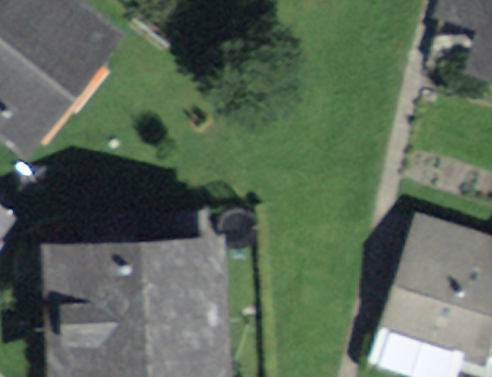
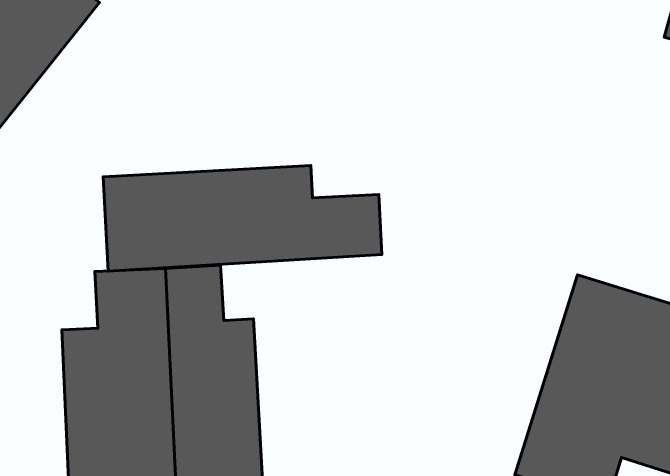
building: none -> [103,165,382,271]

